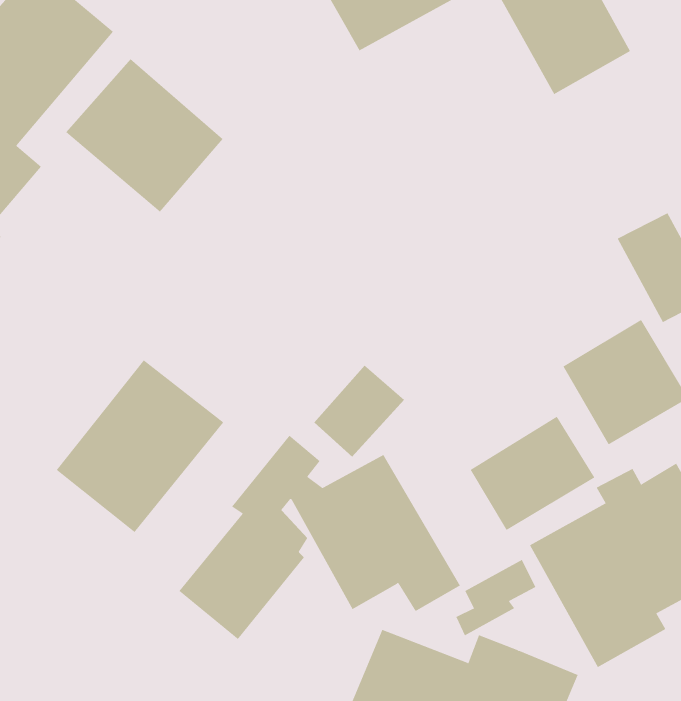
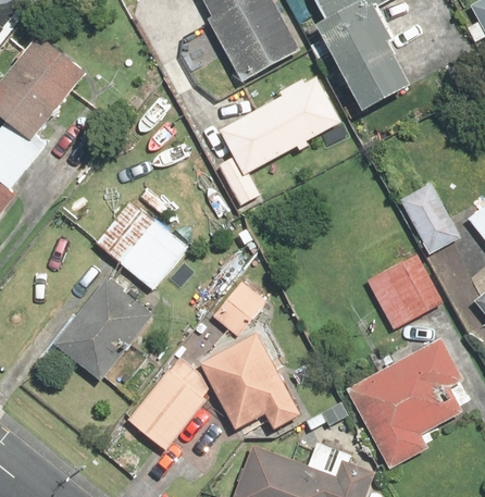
building: none -> [217,75,350,209]
building: [66,58,223,213] -> [95,196,192,291]
building: [470,416,595,531] -> none

